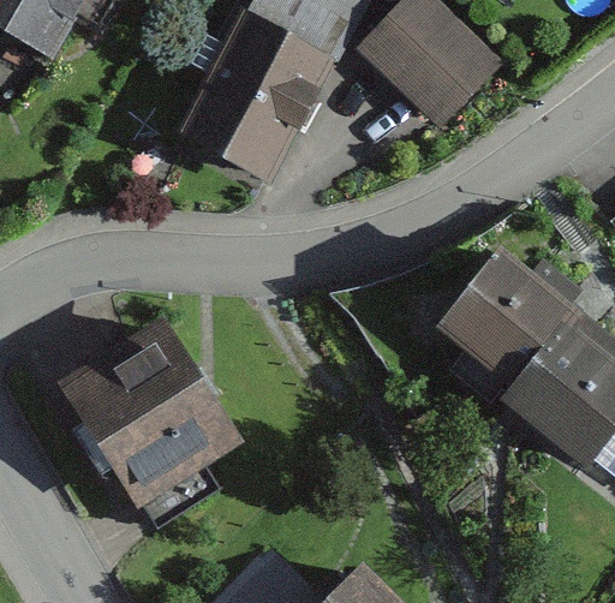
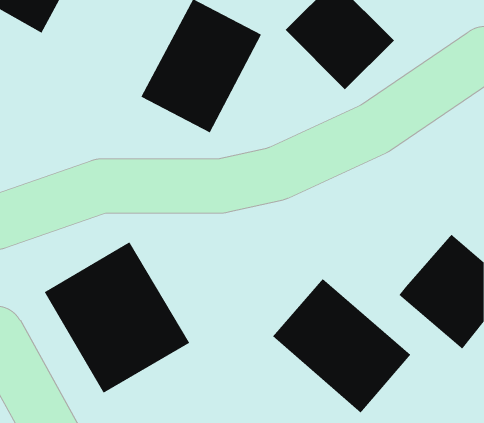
building: [434,229,580,376] -> none
building: none -> [272,278,411,414]

